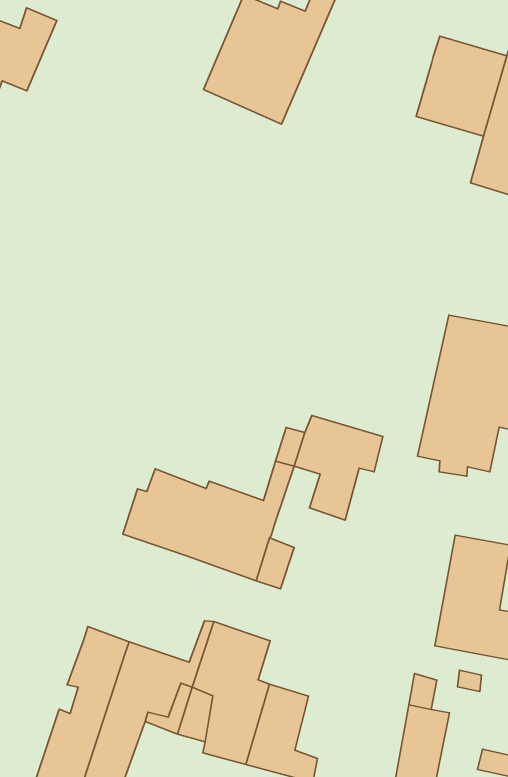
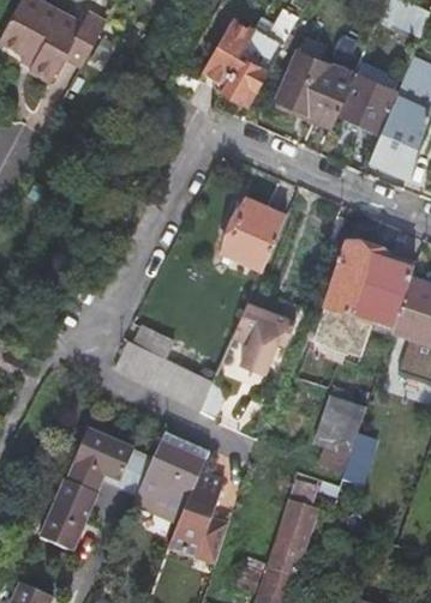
building: none -> [279,52,353,125]
building: none -> [222,197,286,269]

